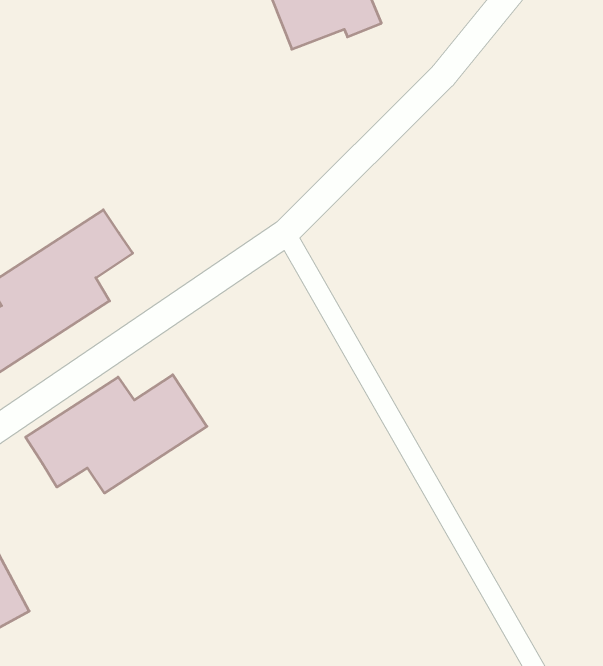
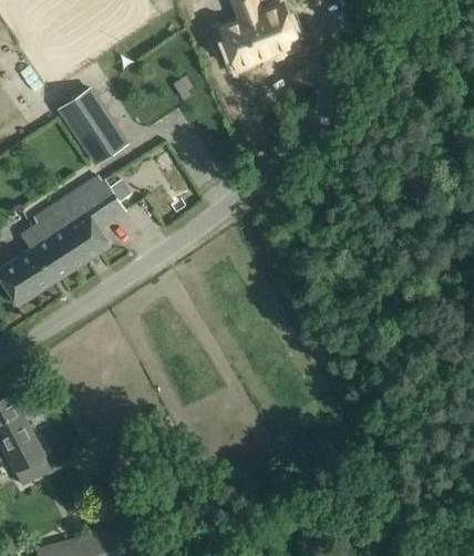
building: none -> [59,87,125,163]
building: [26,375,207,493] -> none

